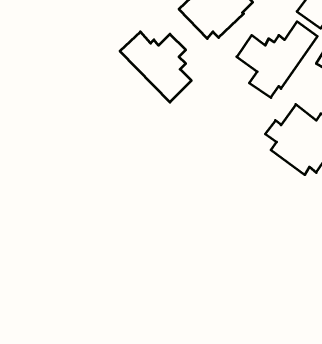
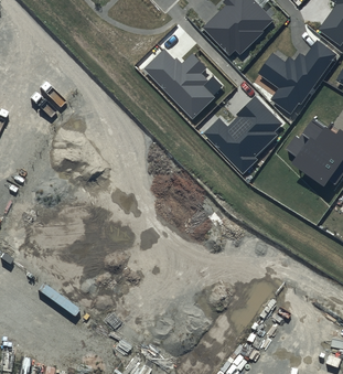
building: none -> [203,95,282,172]

